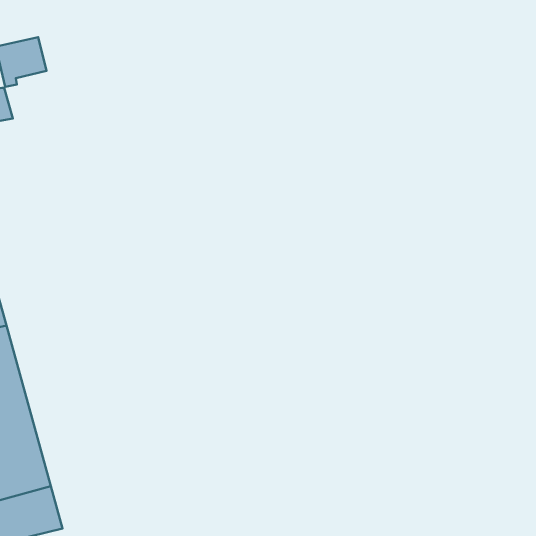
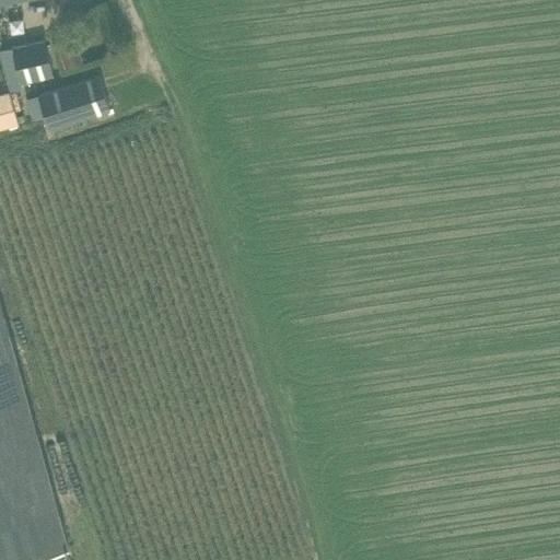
building: none -> [34,79,104,129]

